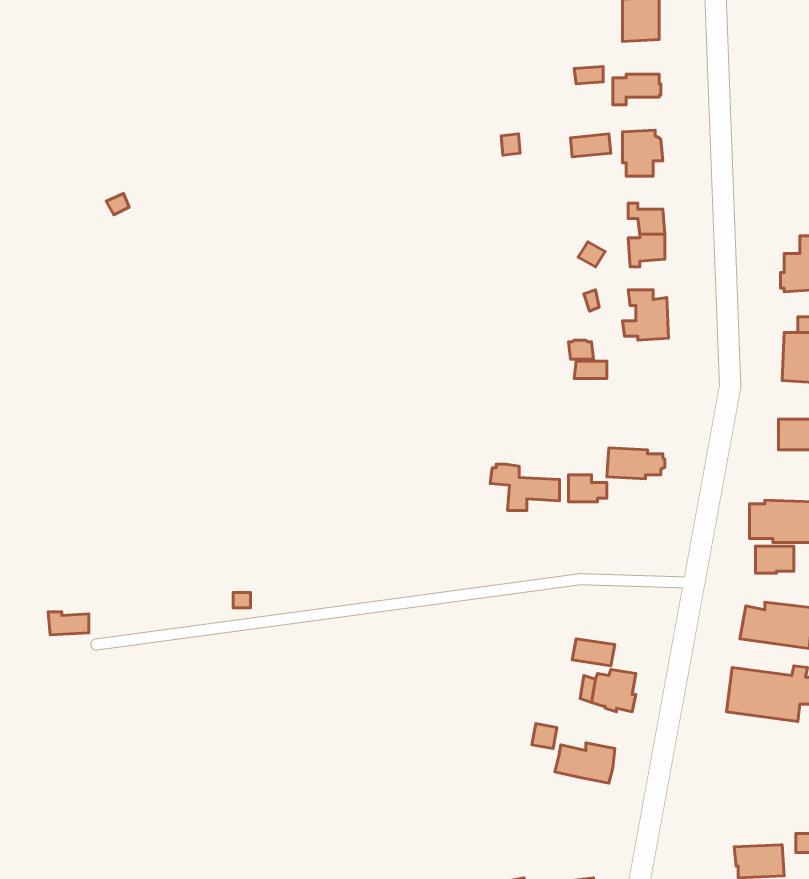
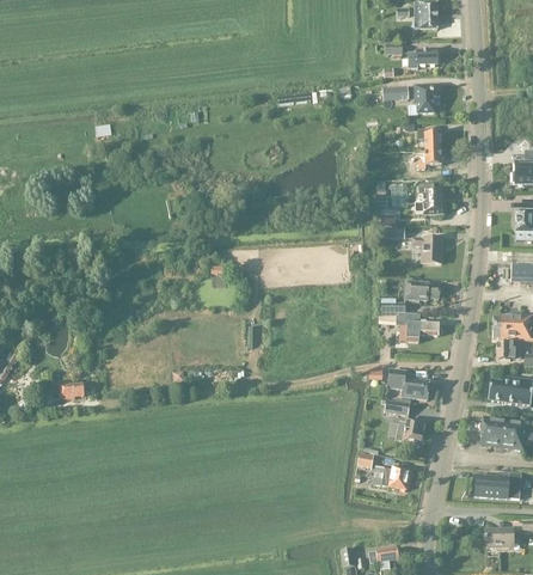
building: none -> [412,237,442,263]
building: [490,464,560,510] -> [396,312,439,341]
building: none -> [388,368,429,399]
building: none -> [474,471,522,498]

